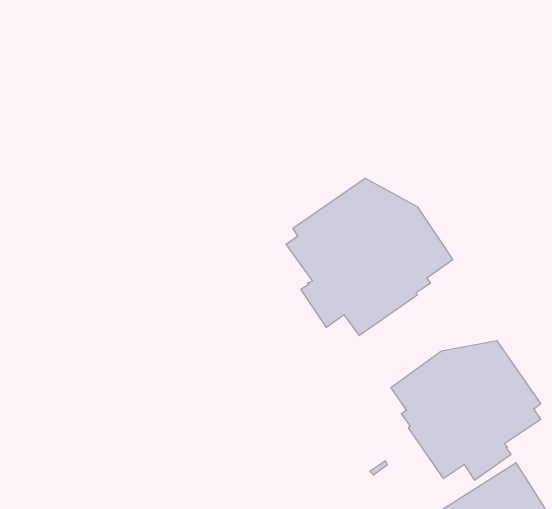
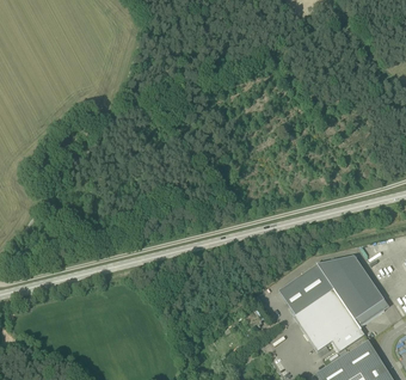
building: [286,178,453,336] -> none

